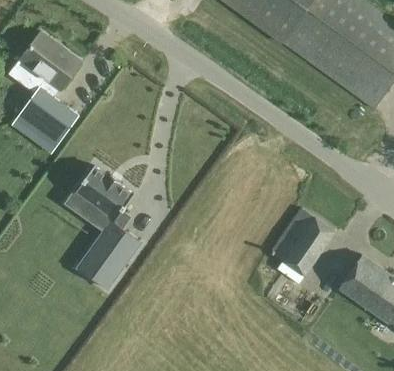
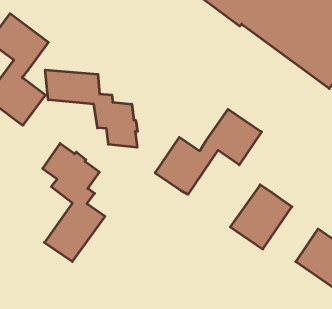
building: none -> [45,70,138,147]
building: none -> [155,109,262,194]

